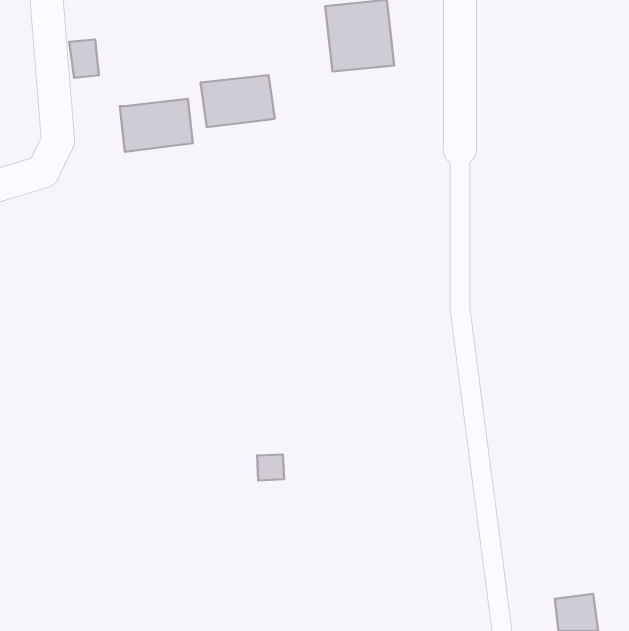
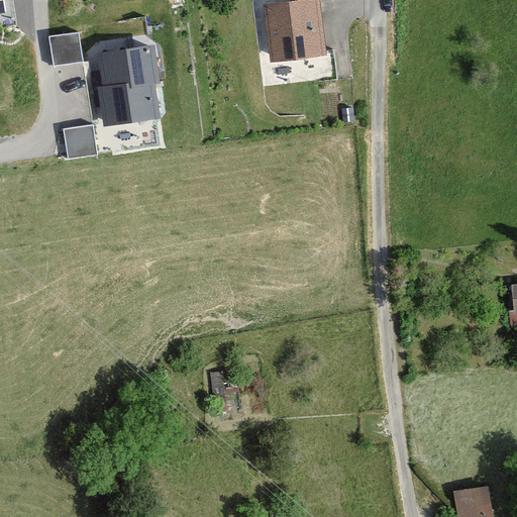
building: [201,75,275,127] -> [97,44,158,87]
building: none -> [64,125,95,158]

